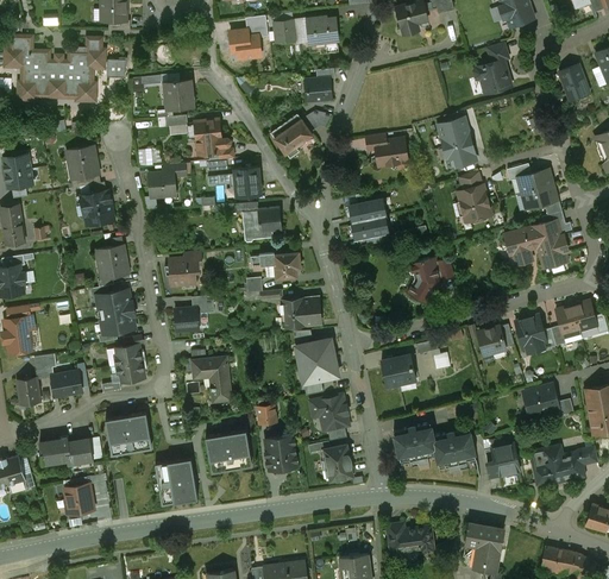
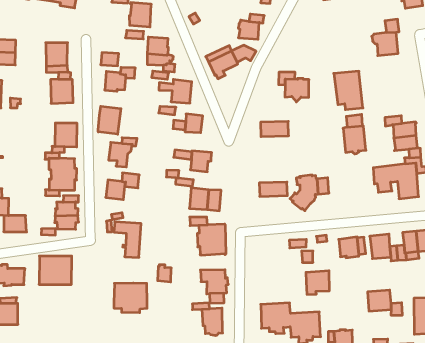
building: [357,214,395,238] -> [259,182,287,196]
building: none -> [98,106,121,134]
building: [382,354,415,389] -> [306,271,329,294]
building: [265,435,296,471] -> none
building: [156,458,199,505] -> none

